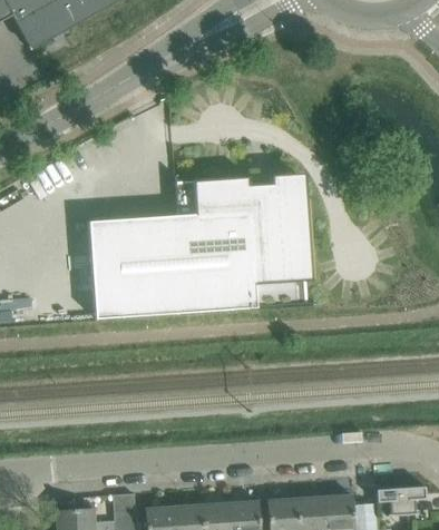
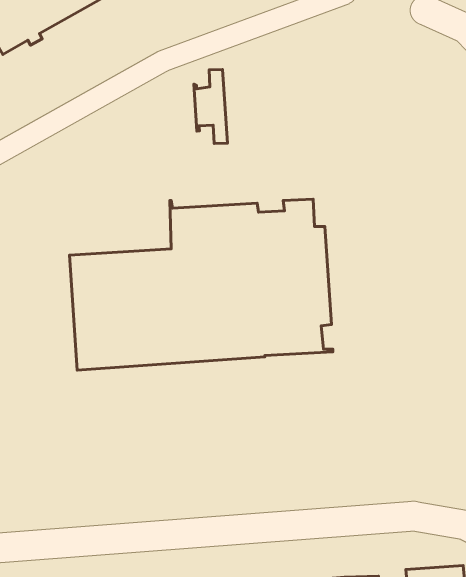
building: none -> [194,69,228,144]

